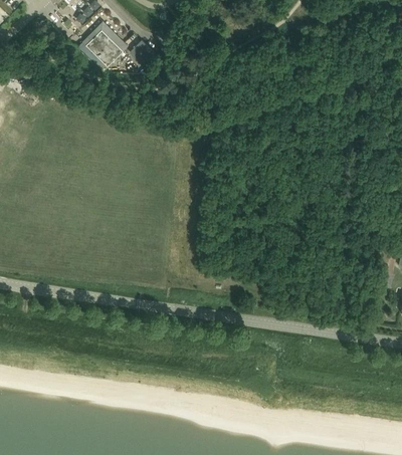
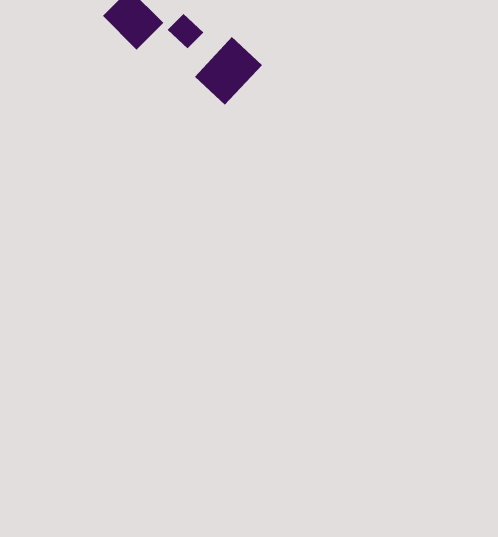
building: none -> [194,36,263,106]

